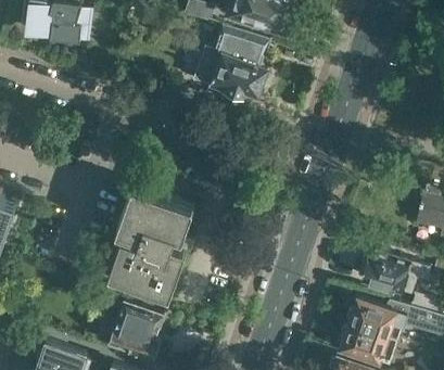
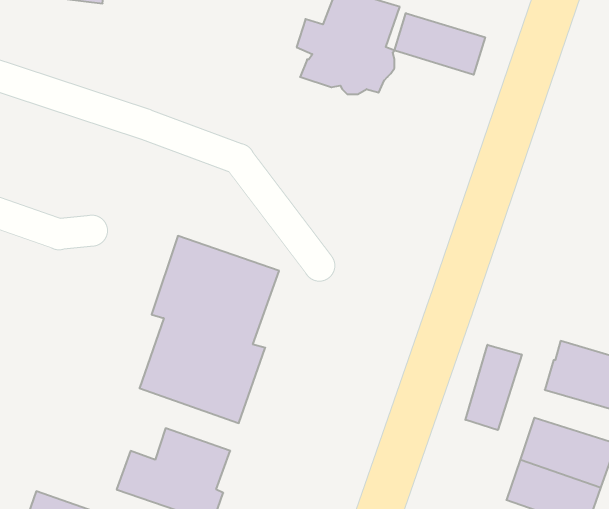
building: none -> [394,13,485,75]
building: none -> [465,345,522,430]

